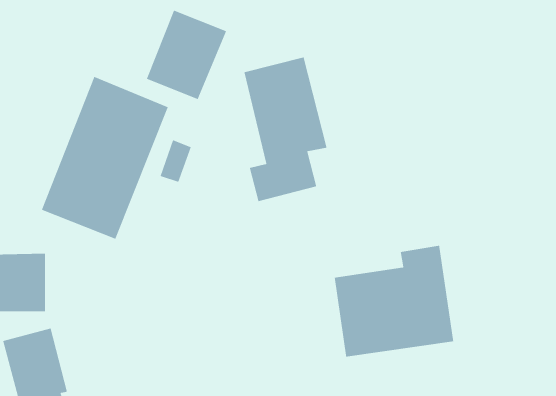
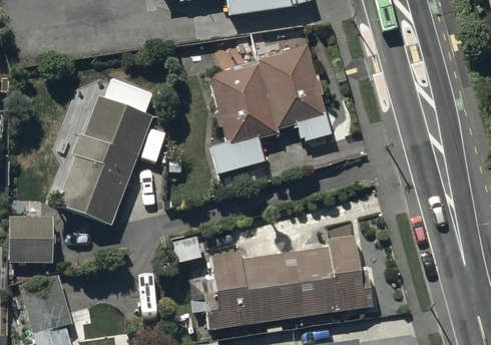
building: [146,10,227,100] -> none
building: none -> [258,52,333,149]
building: none -> [196,237,290,314]

